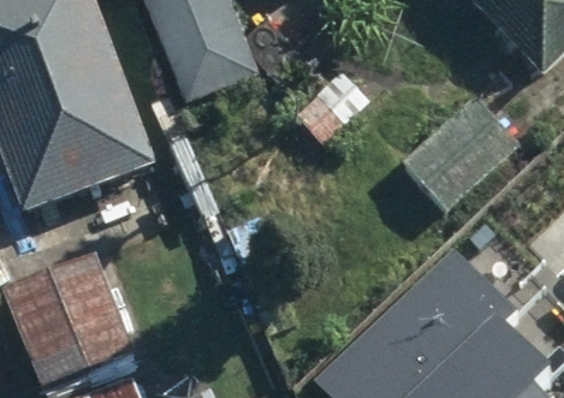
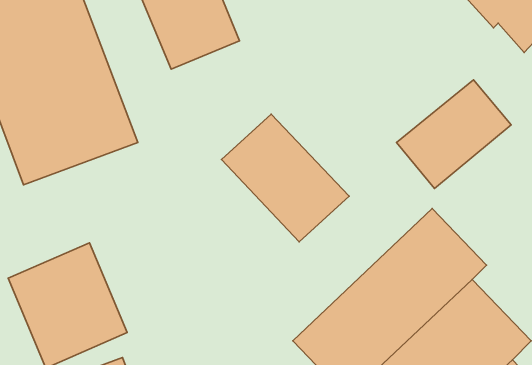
building: none -> [221,114,349,242]

